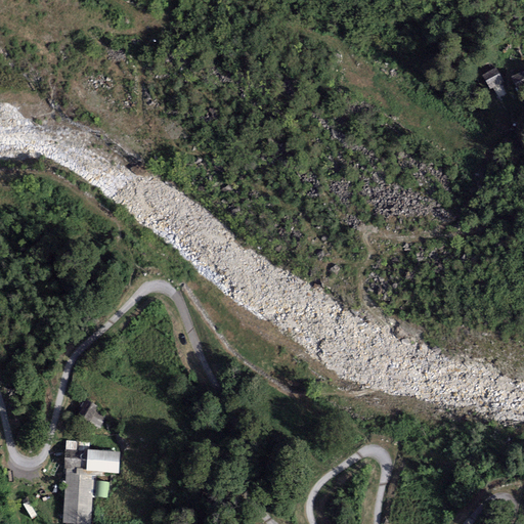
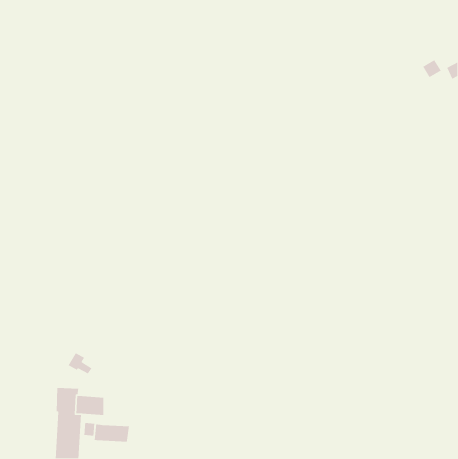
building: none -> [94,424,130,443]

